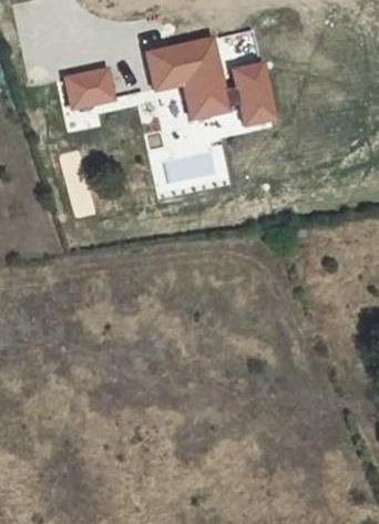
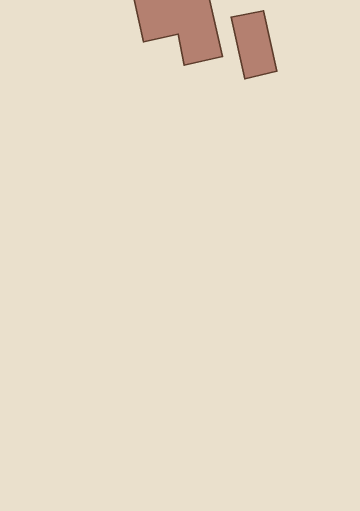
building: [65,70,112,106] -> none

